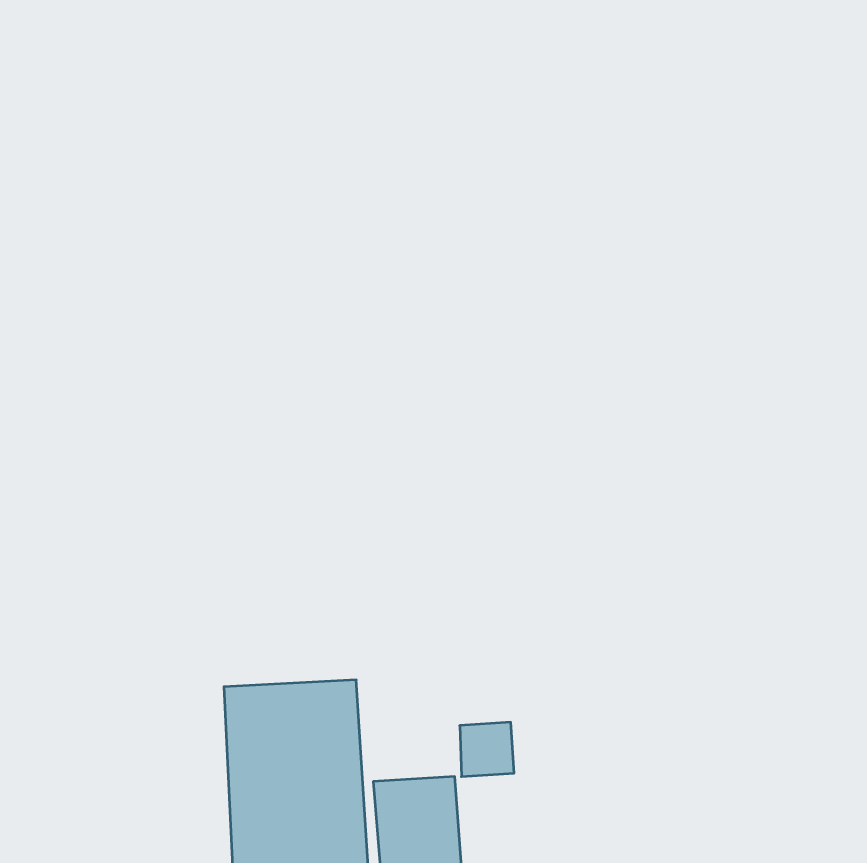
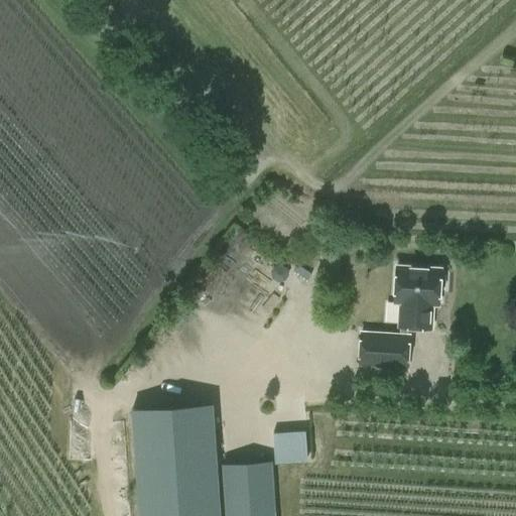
building: none -> [394,268,440,329]
building: none -> [357,333,411,370]

